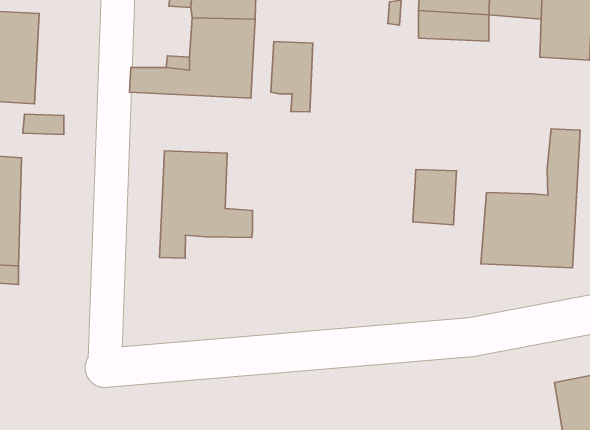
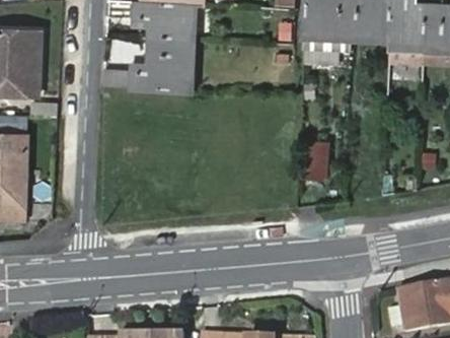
building: [271,41,313,112] -> none
building: [481,129,580,268] -> none
building: [159,151,253,258] -> none

